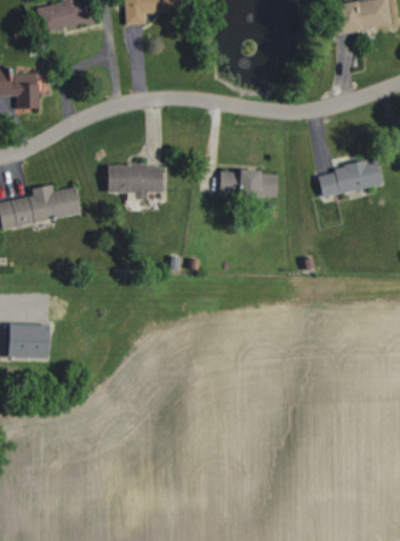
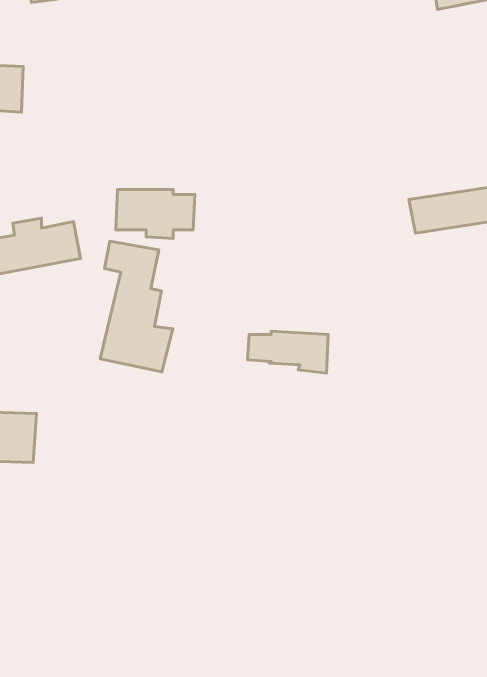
building: [219,170,278,200] -> [247,331,328,373]
building: none -> [100,241,173,372]

